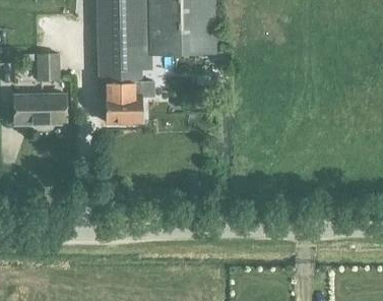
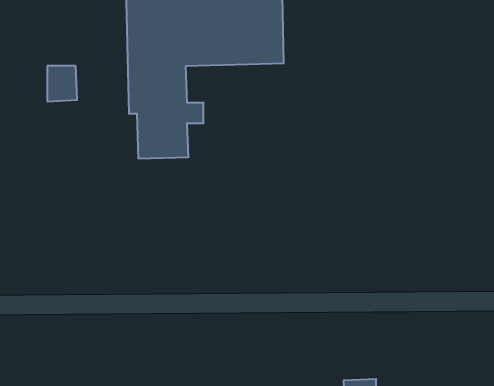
building: [14,94,66,125] -> none

